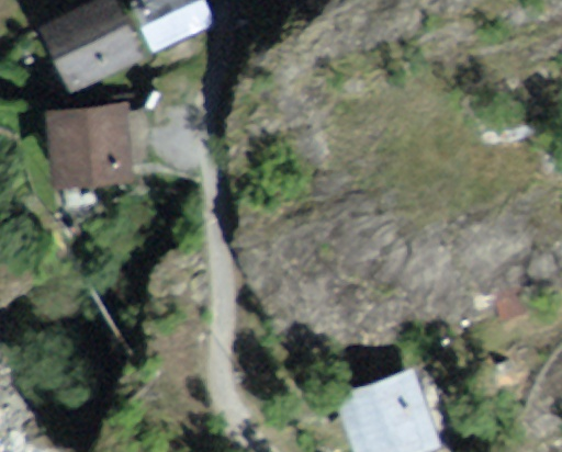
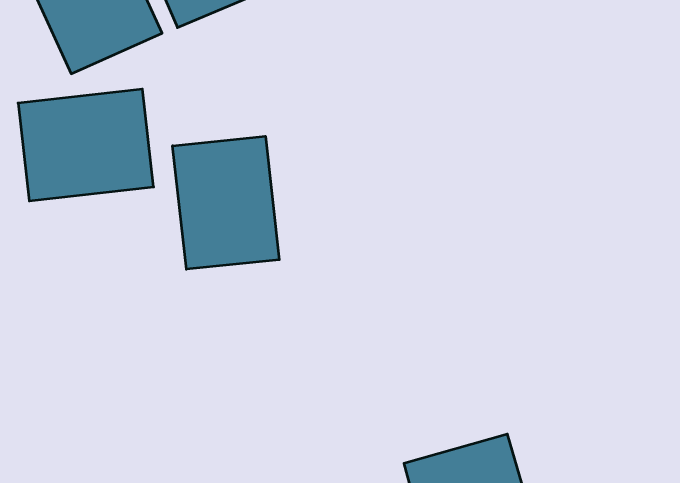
building: none -> [173,136,279,269]

